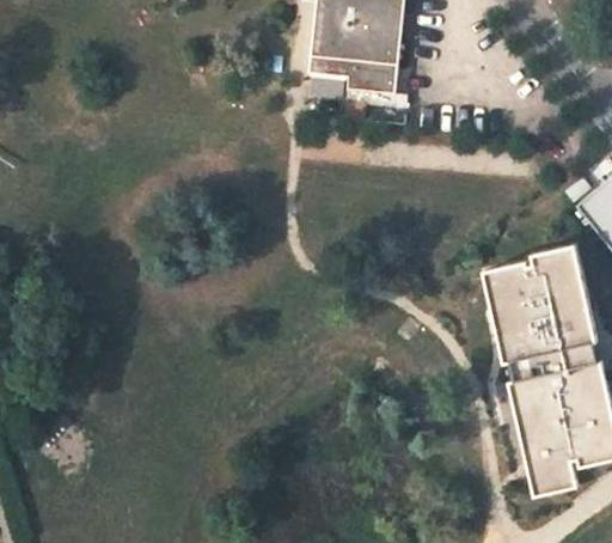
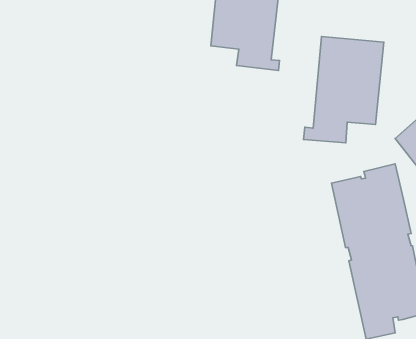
building: none -> [303,36,384,143]

